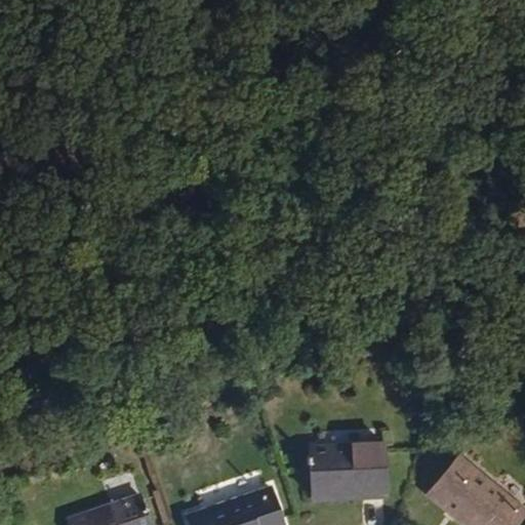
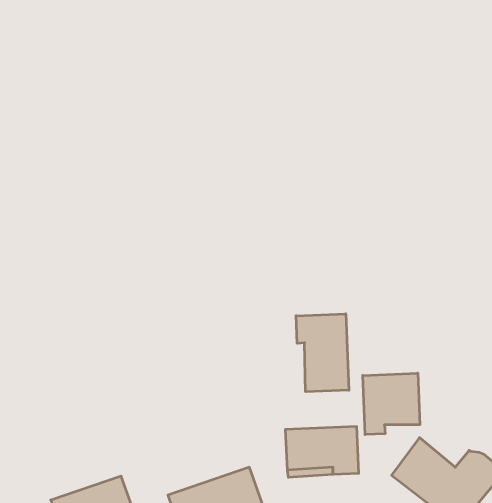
building: none -> [296,314,349,392]
building: none -> [363,373,420,435]

